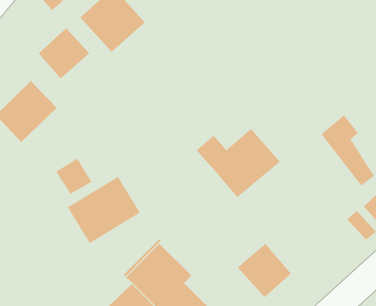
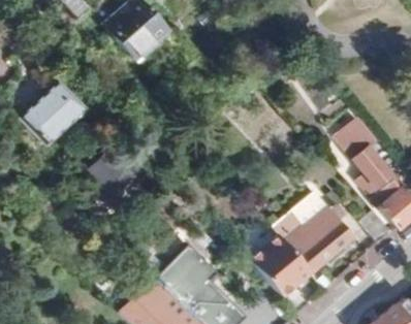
building: [38,28,90,79] -> none
building: [196,128,281,198] -> [272,205,354,273]
building: [67,176,141,244] -> none

